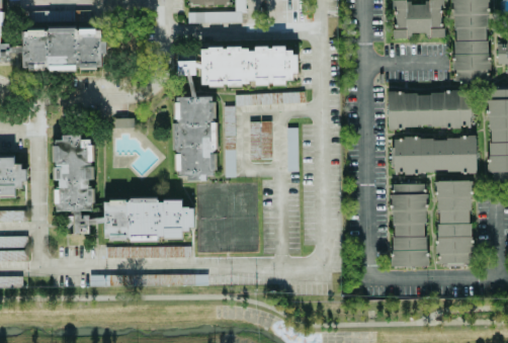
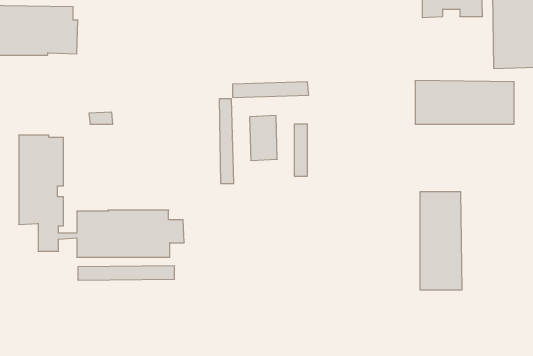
building: [178,46,298,86] -> none
building: [174,96,217,179] -> none
building: [394,136,477,174] -> none
building: [436,180,471,264] -> none

